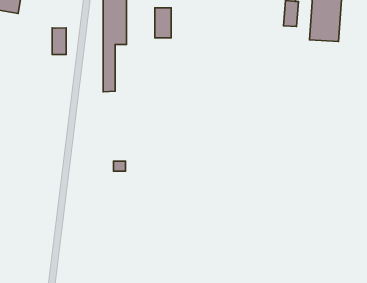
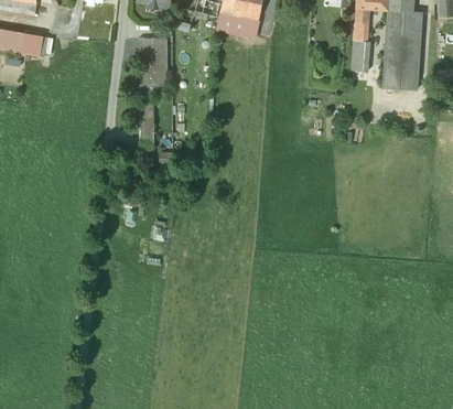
building: [155,8,171,38] -> none
building: [52,28,66,54] -> none

